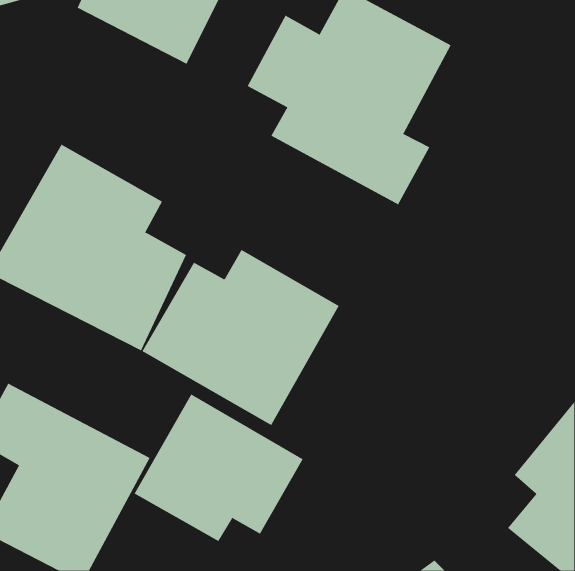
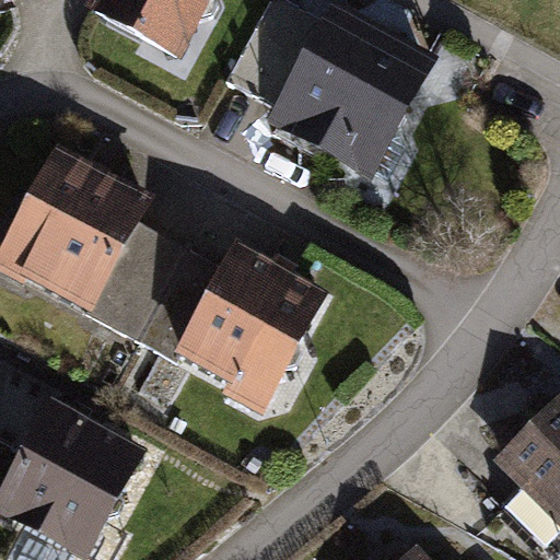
building: [134,394,304,542] -> none

